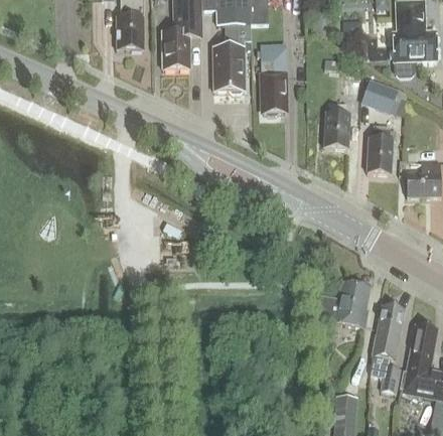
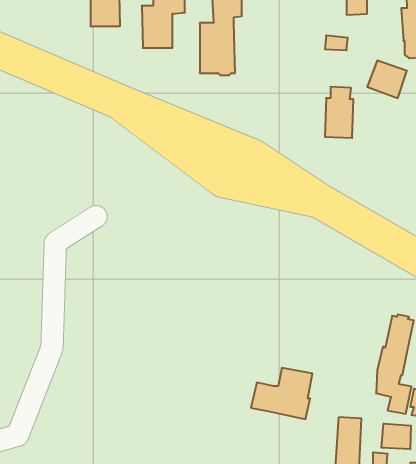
building: [261,42,286,111] -> none
building: [366,127,393,172] -> none
building: [315,281,370,326] -> [251,368,312,419]
building: none -> [382,424,411,449]

